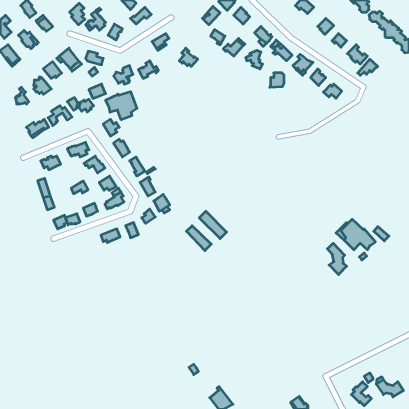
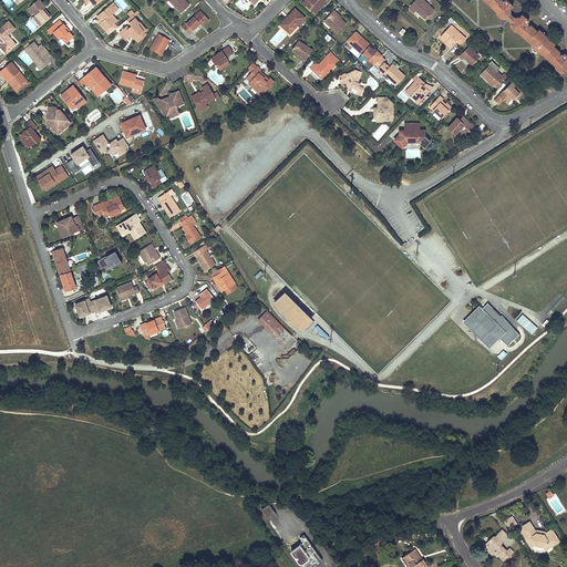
building: none -> [394,124,430,148]
building: [106,92,137,120] -> none
building: [327,243,347,275] -> none

